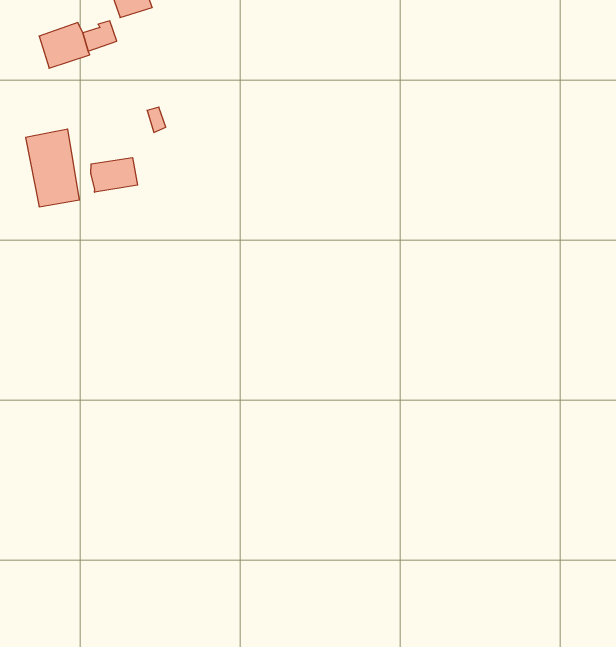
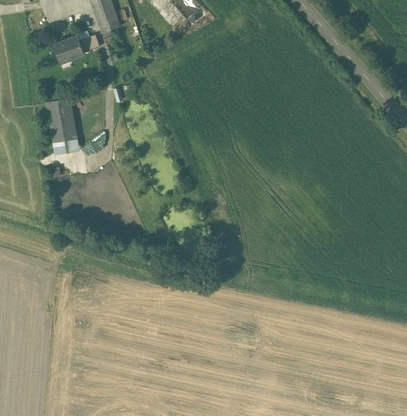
building: [91,158,138,192] -> none

